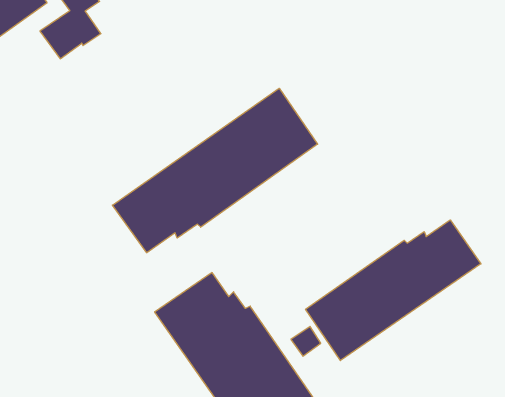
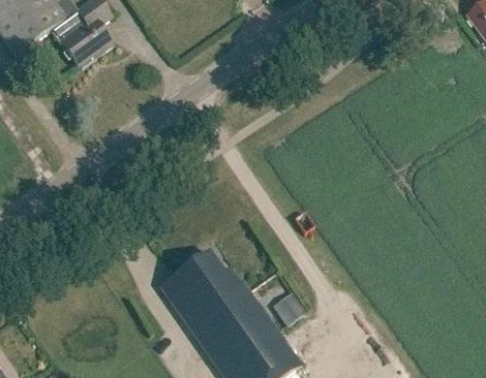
building: [112,88,318,253] -> none
building: [306,220,481,361] -> none

